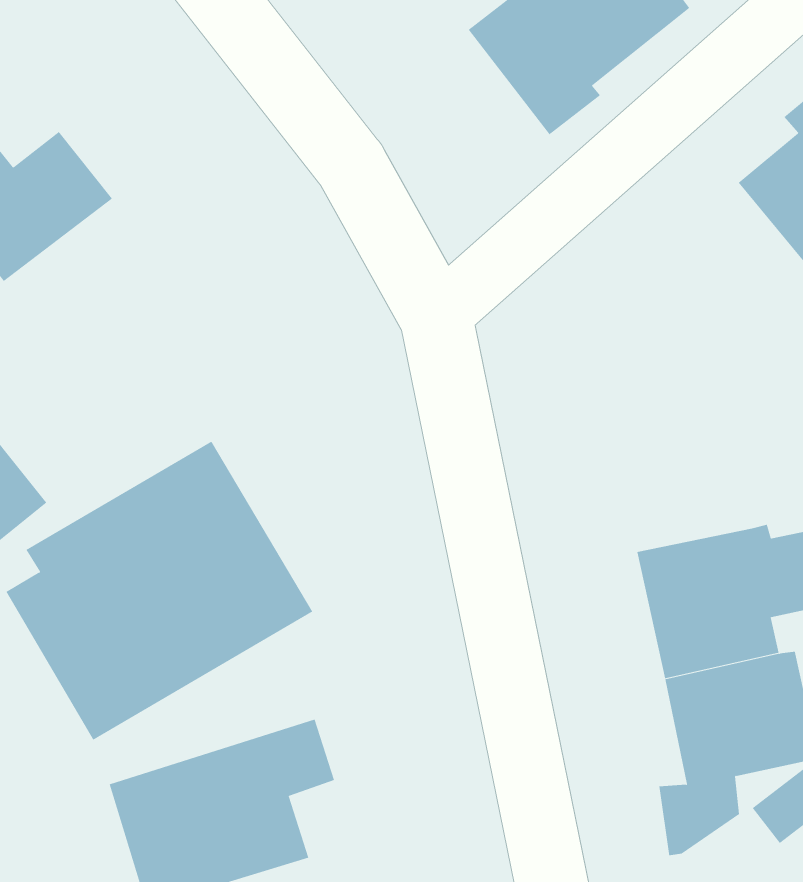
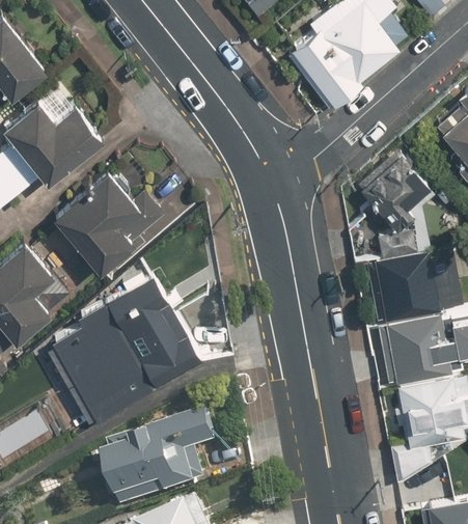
building: none -> [355,154,425,236]
building: none -> [53,172,163,274]
building: none -> [367,238,462,327]

